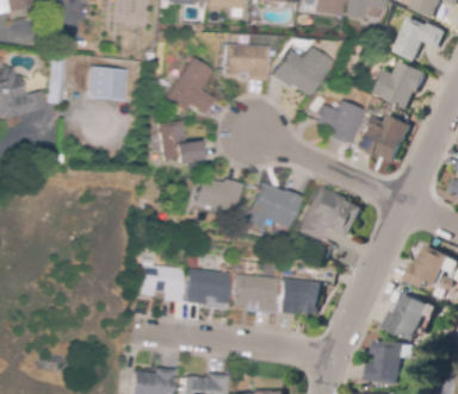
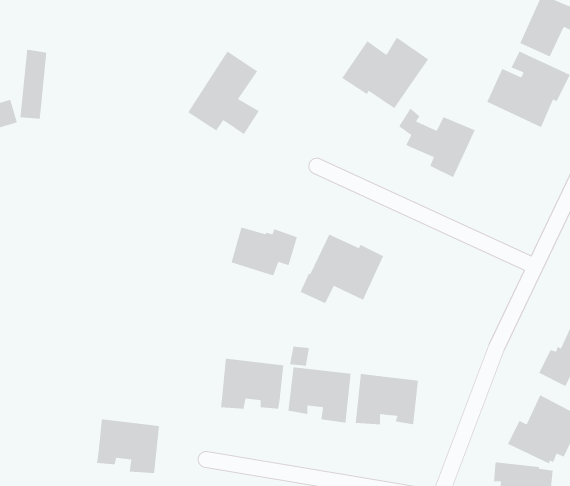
building: [223,44,266,80] -> none
building: [89,65,129,100] -> none
building: [357,114,413,163] -> none
building: [156,120,204,163] -> none
building: [298,186,365,240] -> none
building: [140,263,184,301] -> [96,419,160,474]

